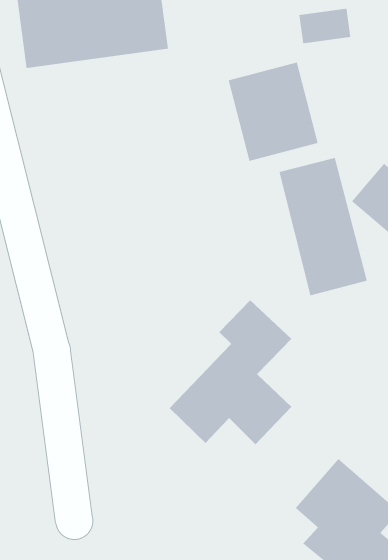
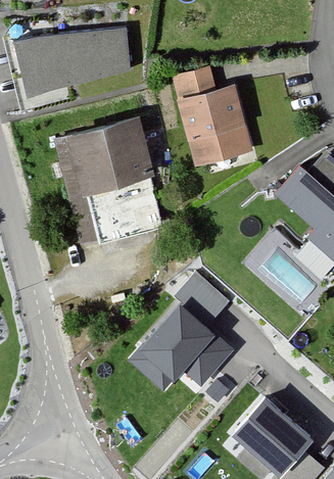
building: [299,8,351,44] -> [175,64,216,92]
building: none -> [68,121,161,241]
building: [279,157,367,296] -> none

